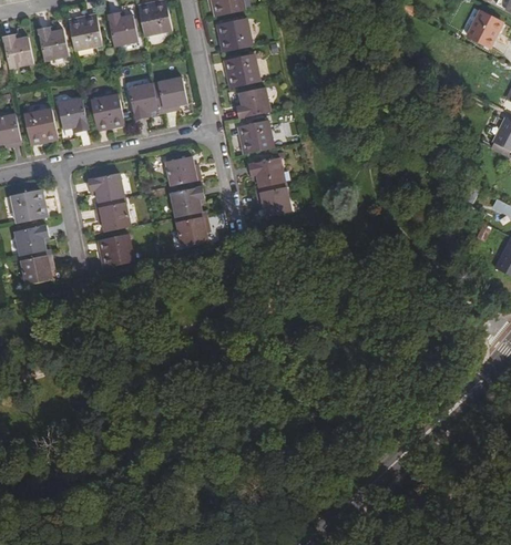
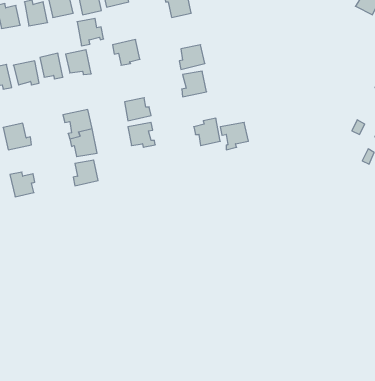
building: [228,53,260,86] -> none
building: [127,85,162,121] -> [77,18,104,46]
building: [248,156,285,192] -> [220,122,248,150]
building: [175,214,208,246] -> none
building: [13,223,48,256] -> none

